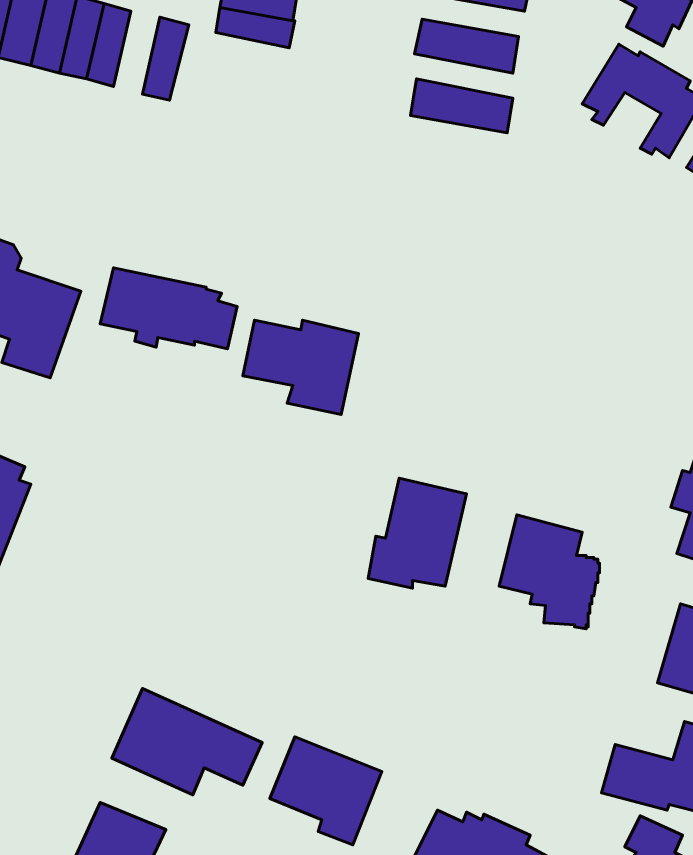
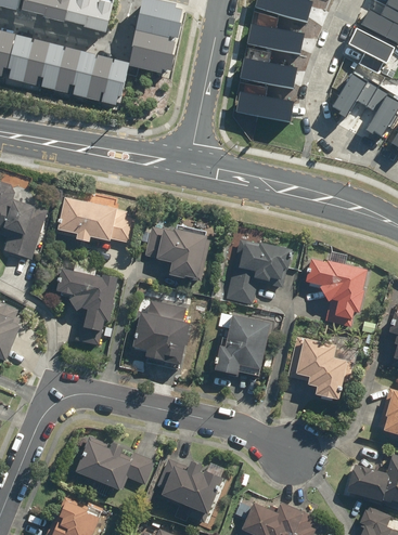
building: none -> [69,53,95,100]
building: none -> [101,61,127,106]
building: none -> [223,237,291,305]
building: none -> [301,251,367,327]
building: none -> [53,269,116,348]
building: none -> [131,300,191,373]

